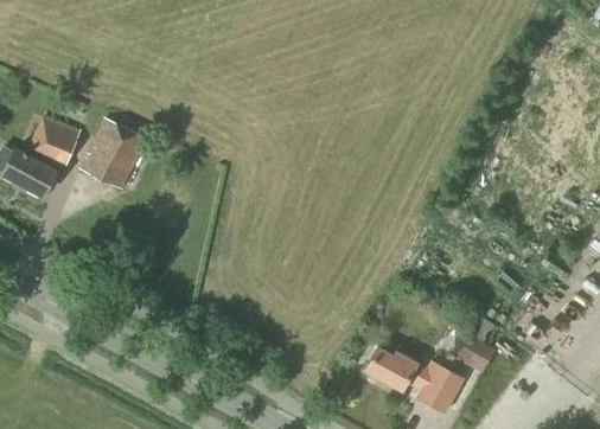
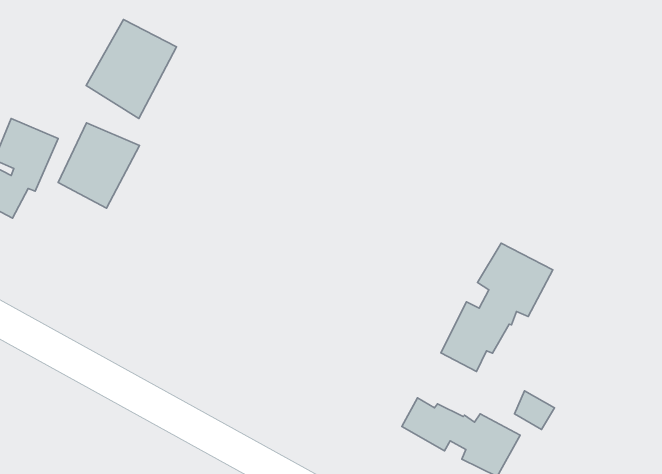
building: none -> [86,19,176,119]
building: none -> [441,243,553,371]

